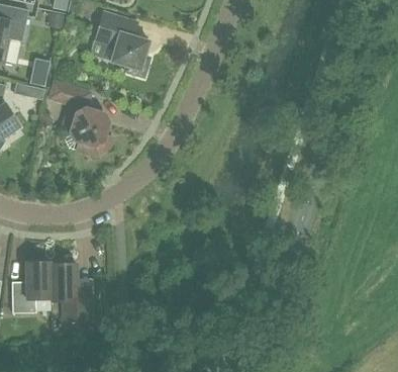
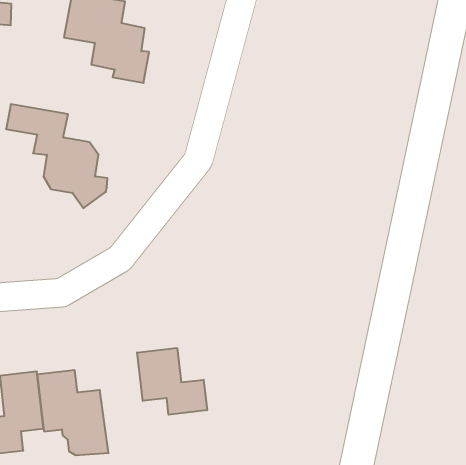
building: none -> [137,348,207,415]

